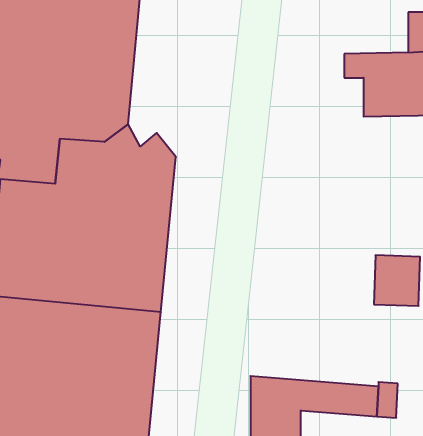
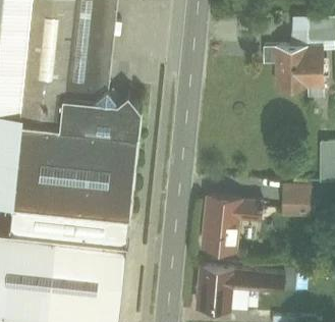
building: none -> [191,194,258,250]

